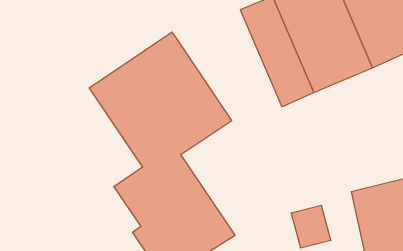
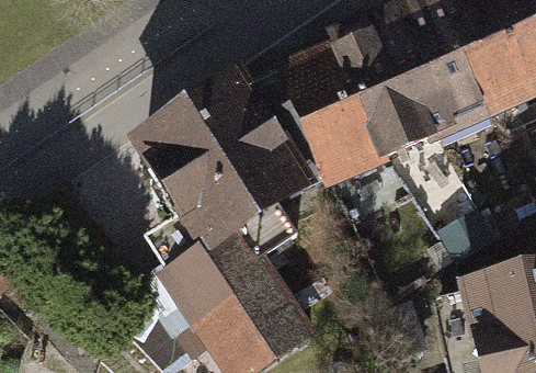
building: none -> [238,50,375,202]

